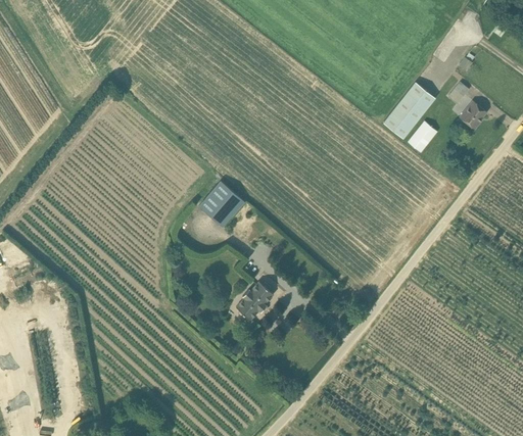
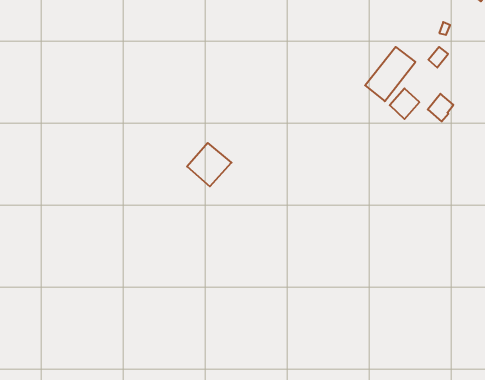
building: [459,101,485,130] -> [428,94,453,121]
building: [235,282,273,321] -> none

